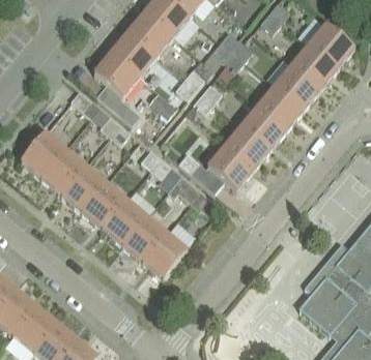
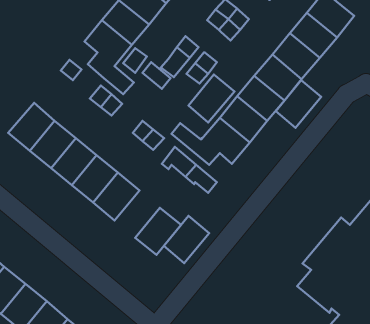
building: none -> [189,75,235,123]
building: none -> [276,80,321,128]
building: [123,216,167,262] -> [164,216,209,263]

